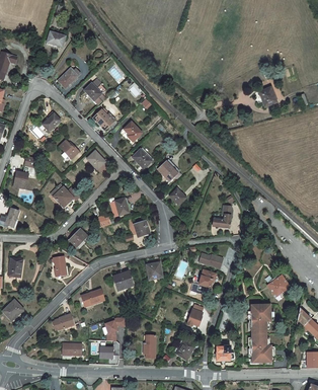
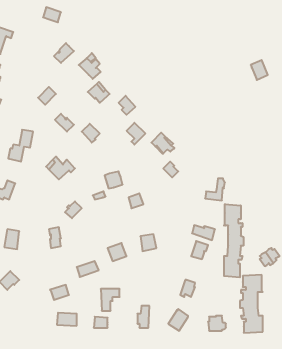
building: none -> [224,204,243,277]

